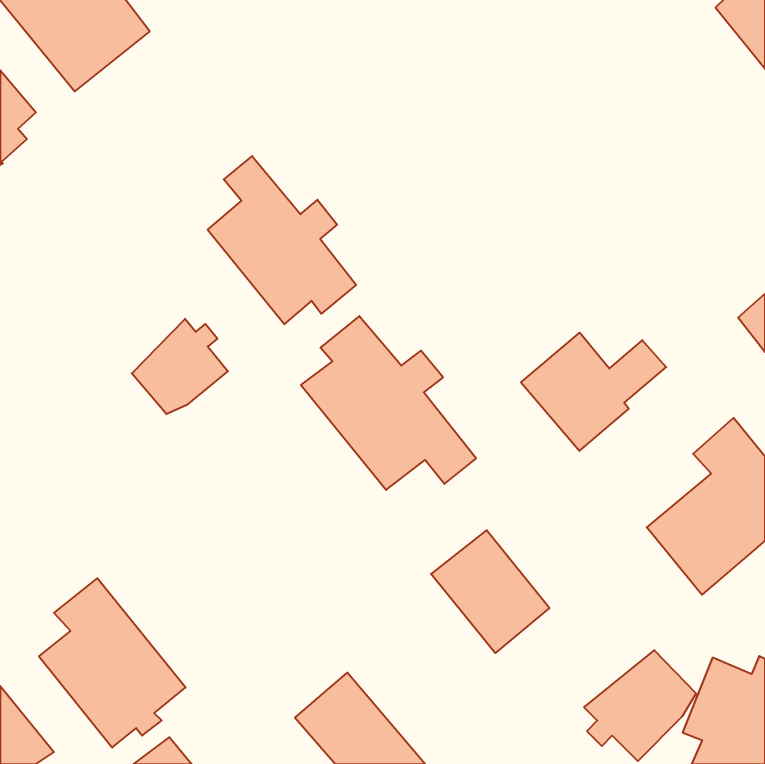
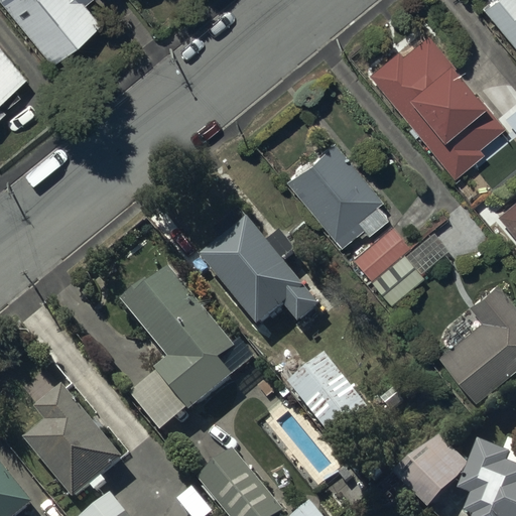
building: none -> [368,33,502,176]
building: [208,156,356,324] -> none
building: none -> [284,139,386,245]
building: [132,319,228,414] -> none
building: none -> [123,273,257,435]

